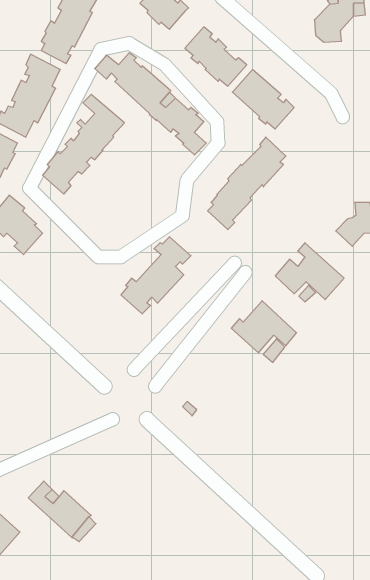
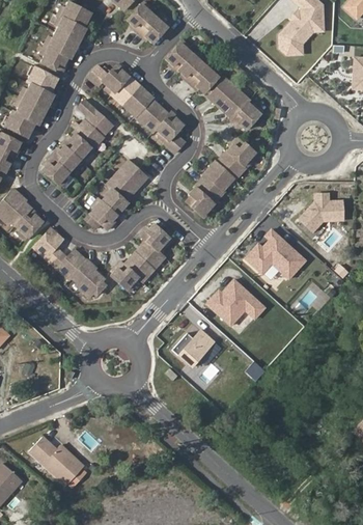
building: none -> [84,159,147,228]
building: none -> [32,226,105,297]
building: none -> [171,330,213,366]

